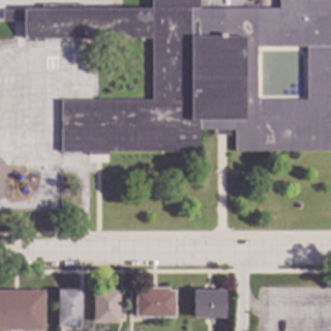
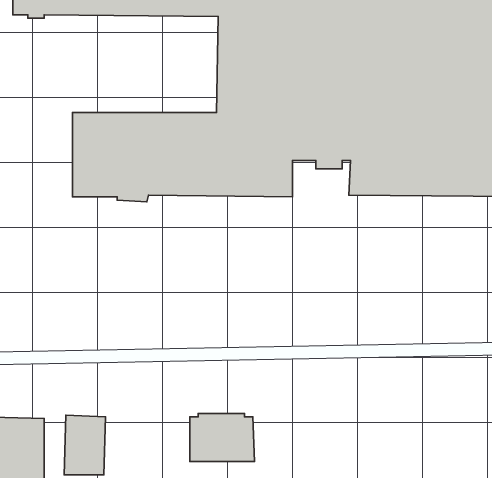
building: [95,289,120,322] -> none
building: [195,289,227,317] -> none

